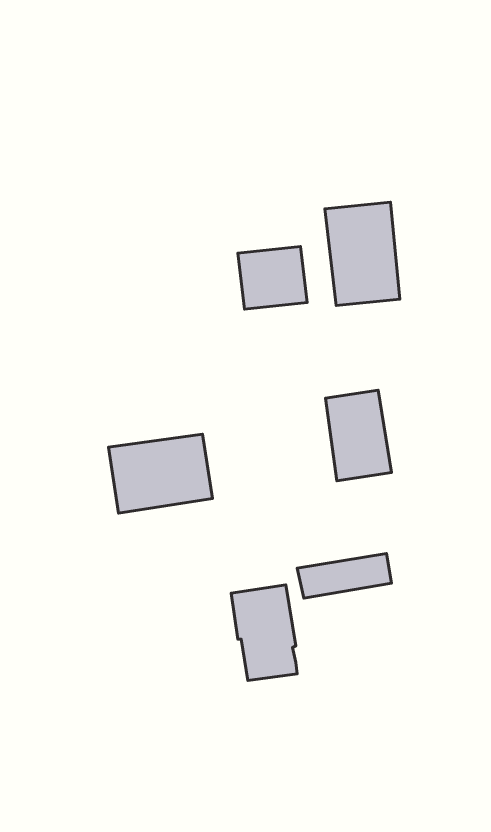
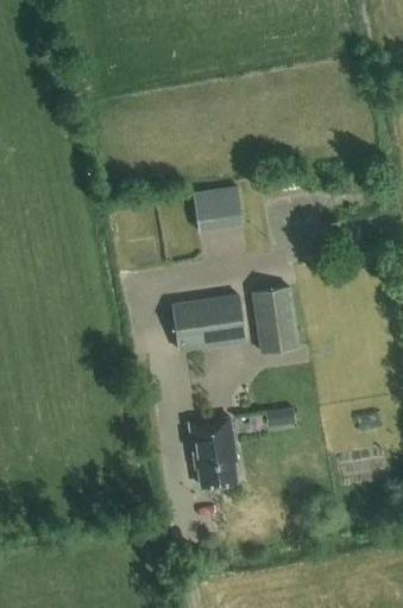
building: [325,202,400,305] -> none
building: [108,434,212,513] -> [172,294,247,352]

